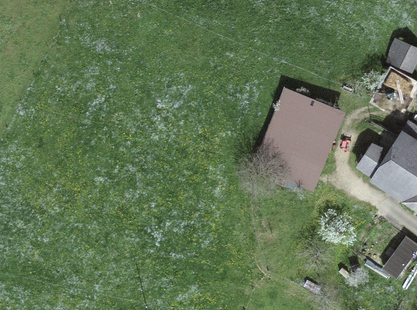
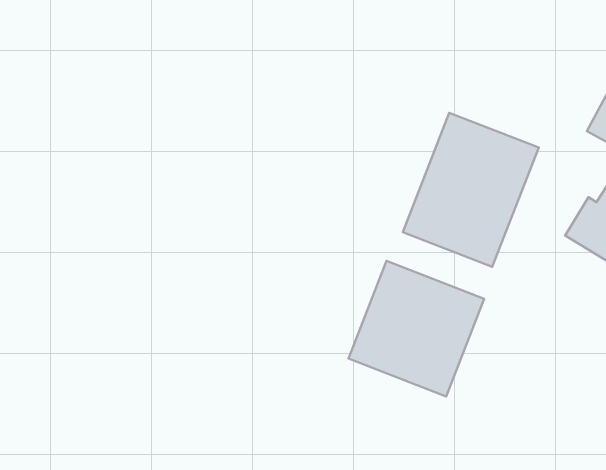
building: none -> [348,261,484,396]

